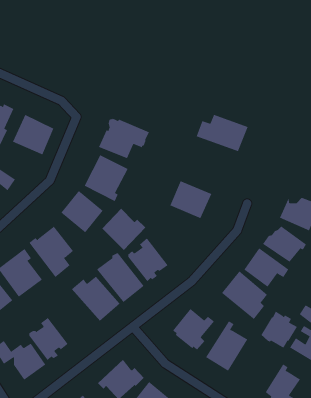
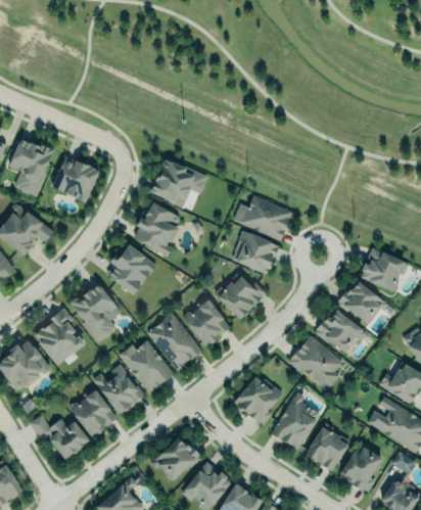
building: [196,114,248,152] -> [233,196,293,239]
building: [101,208,146,251] -> [215,271,266,320]
building: none -> [92,364,144,415]
building: [260,311,298,348] -> [306,427,348,470]

